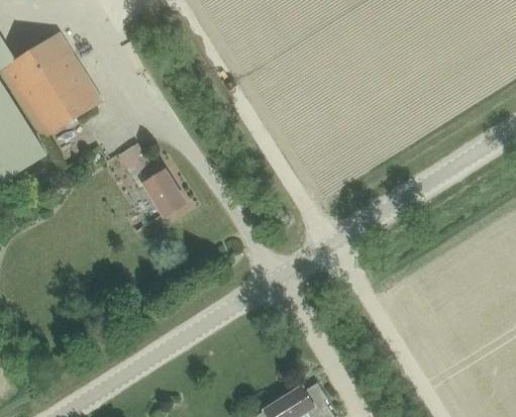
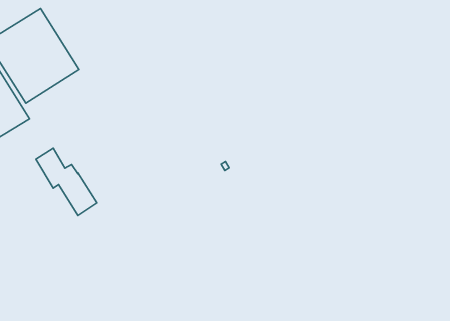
building: [118,142,186,217] -> [36,148,97,216]

